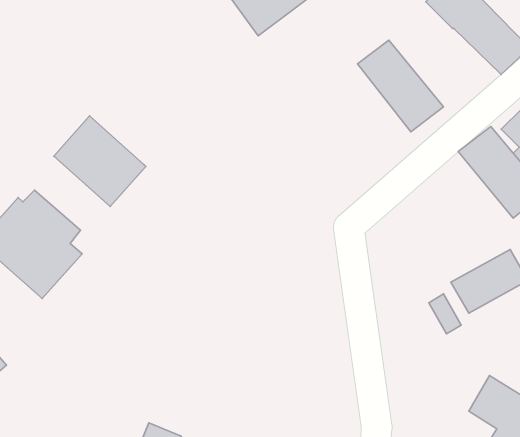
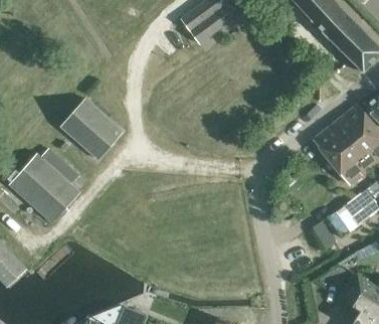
building: [358,40,444,132] -> [314,123,372,185]

